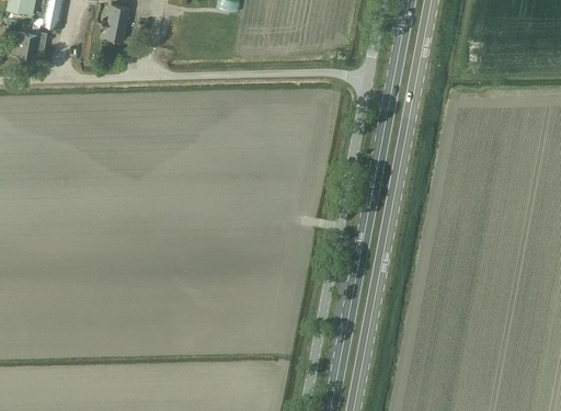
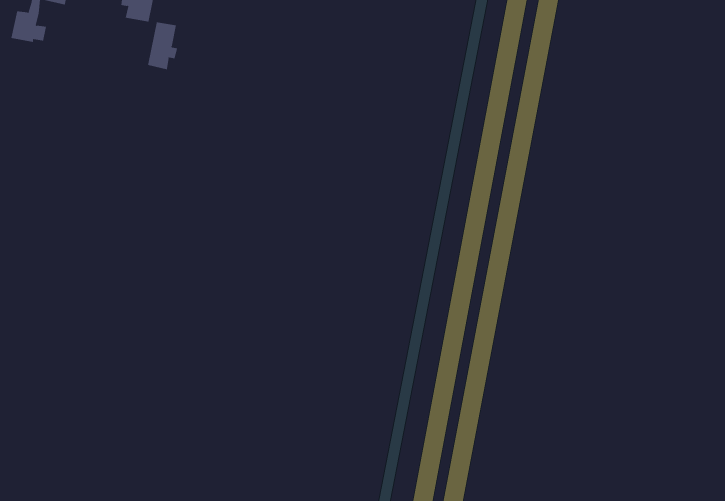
building: none -> [148,22,178,70]

